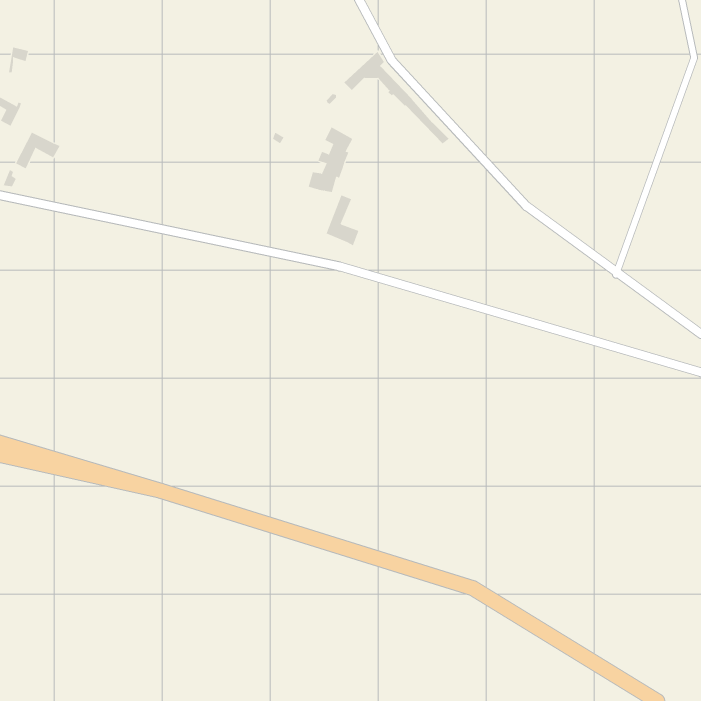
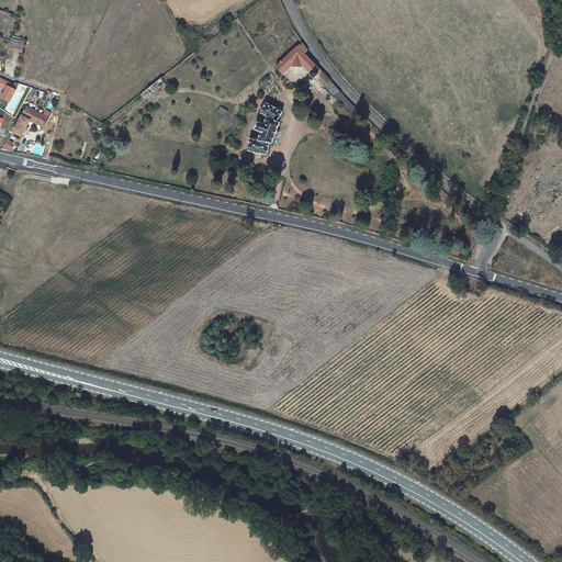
building: [326,194,359,246] -> none

